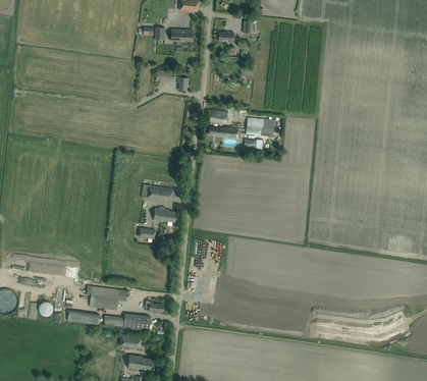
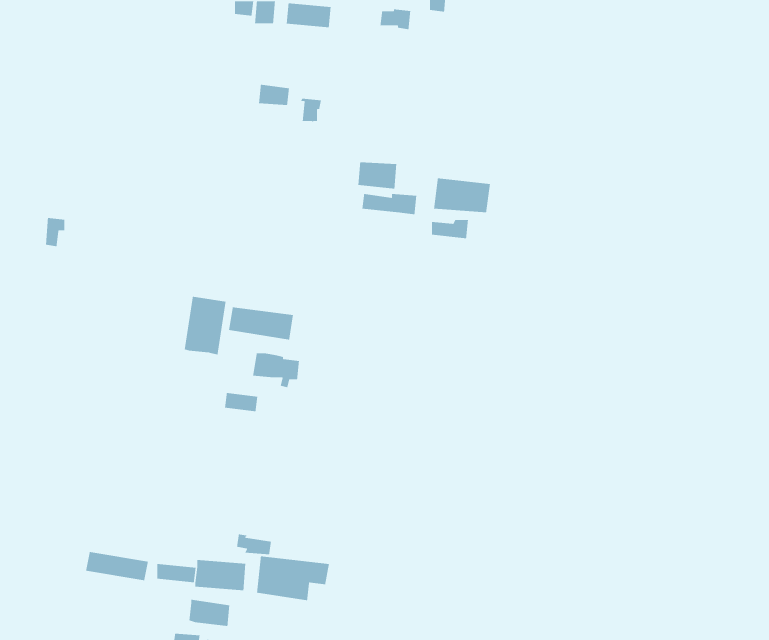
building: none -> [184,296,226,356]
building: [90,286,127,310] -> [256,555,330,601]

